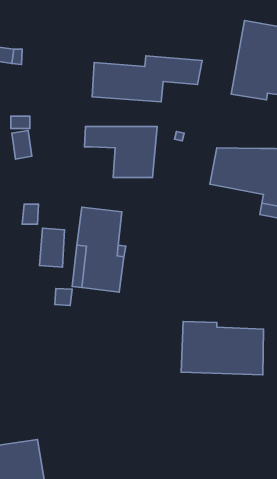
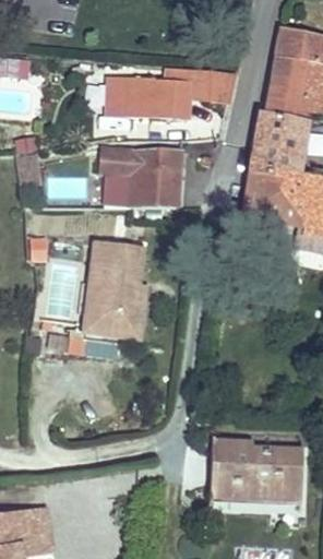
building: none -> [249,111,307,174]
building: none -> [104,171,133,206]
building: [181,321,264,375] -> [208,441,302,502]

